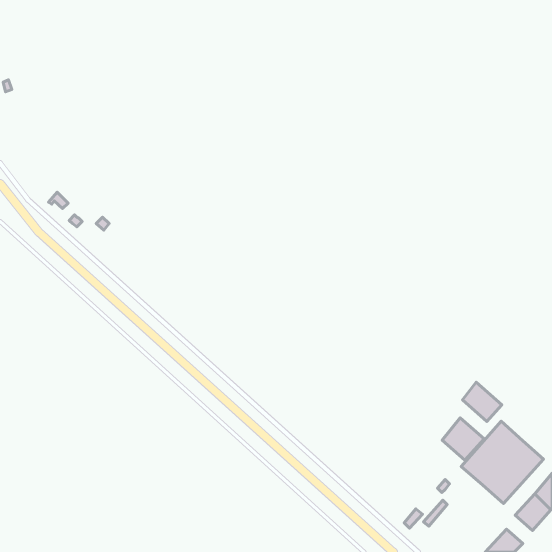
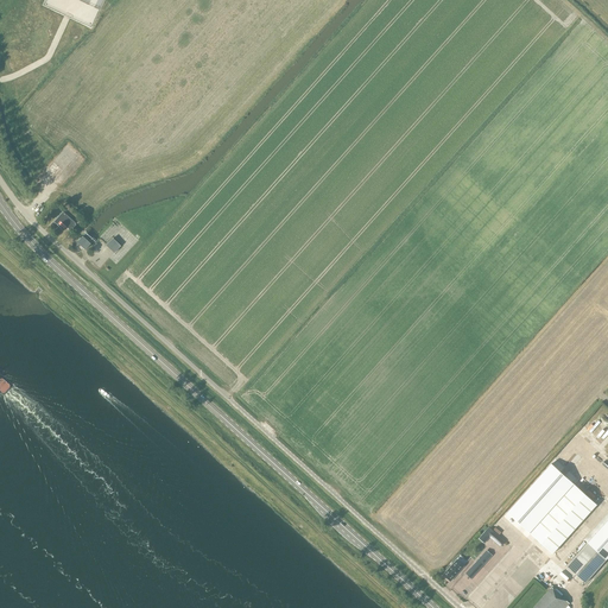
building: [462,382,502,421] -> none
building: [442,418,484,460] -> none

